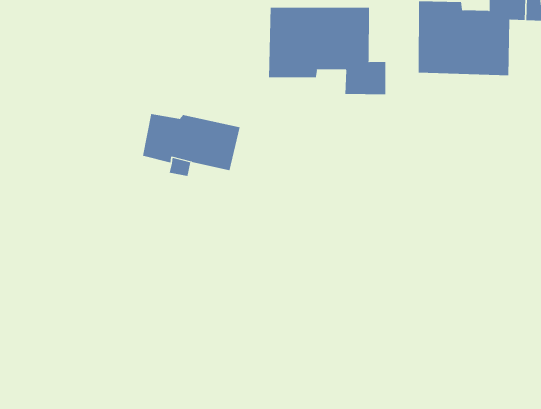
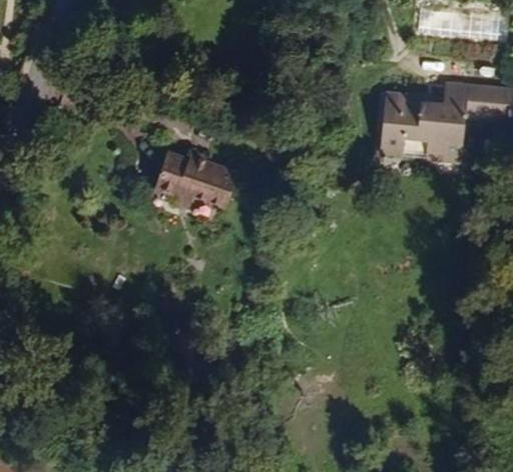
building: [269,7,386,95] -> none

